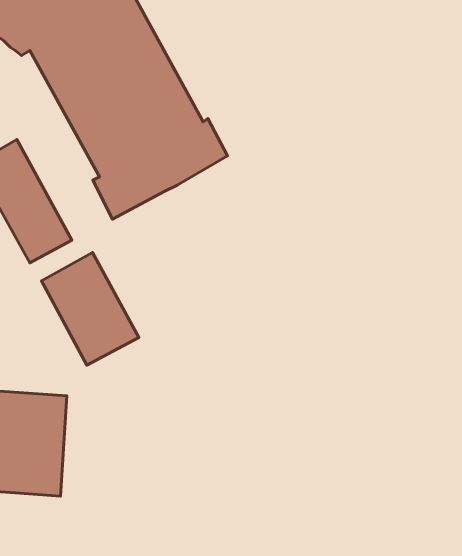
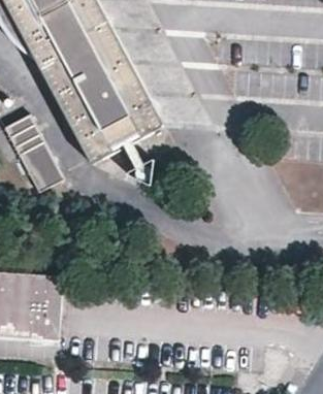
building: [42,253,139,365] -> none

